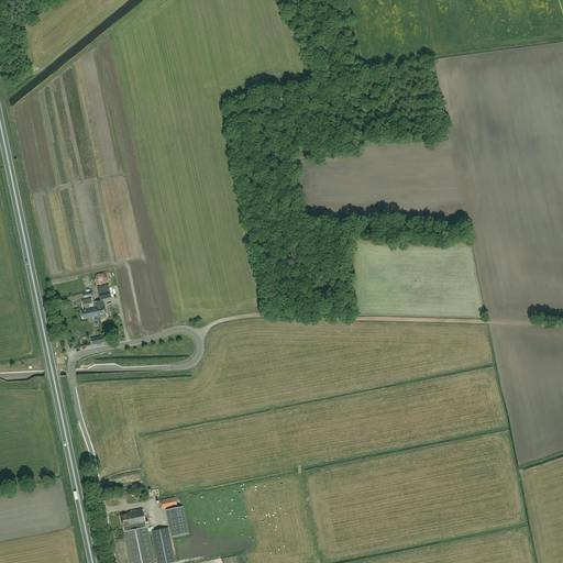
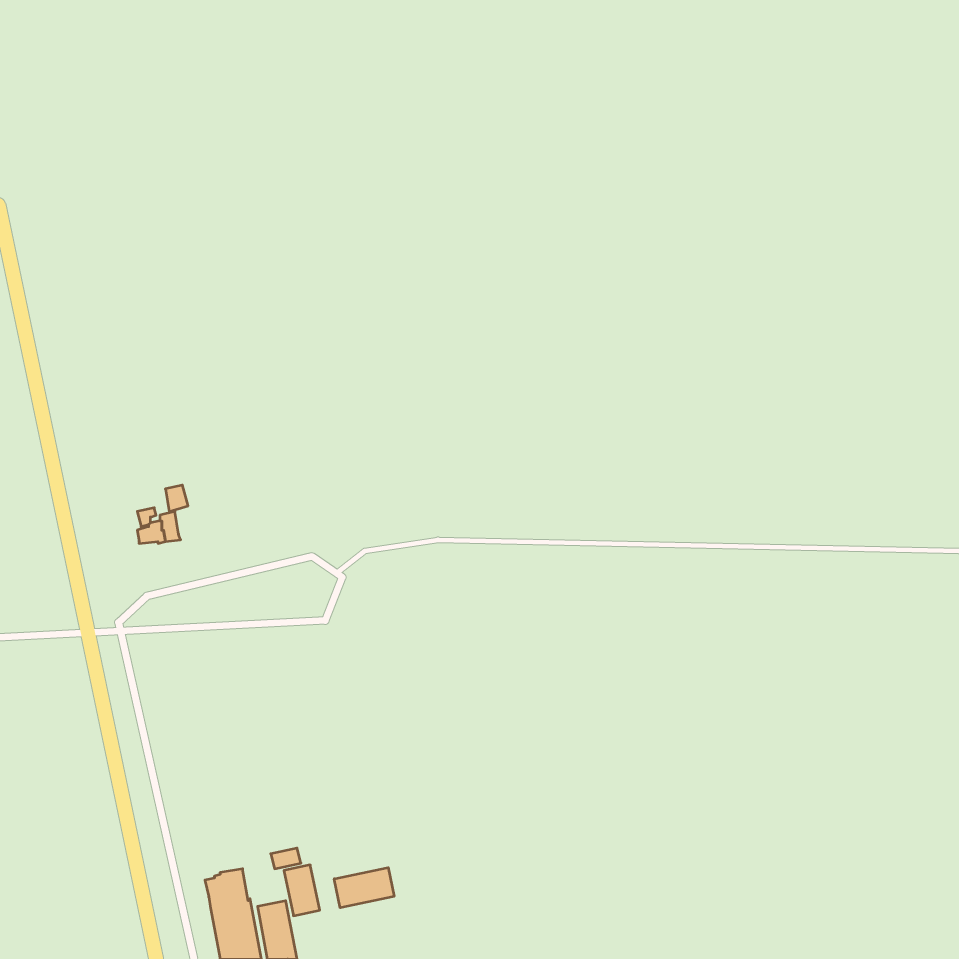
building: none -> [334,868,394,908]

